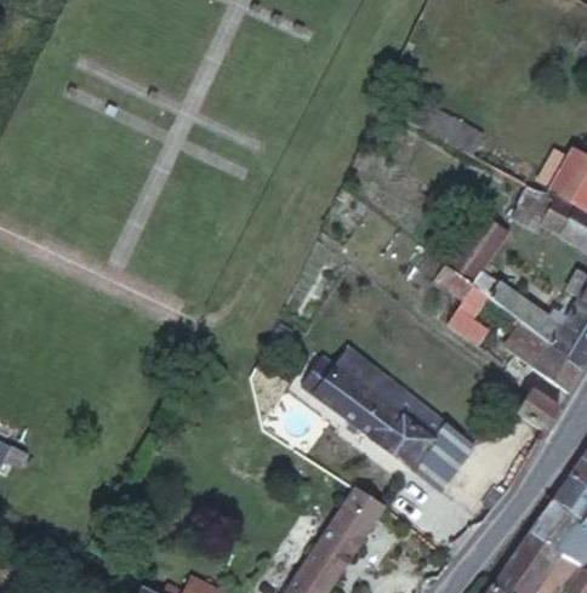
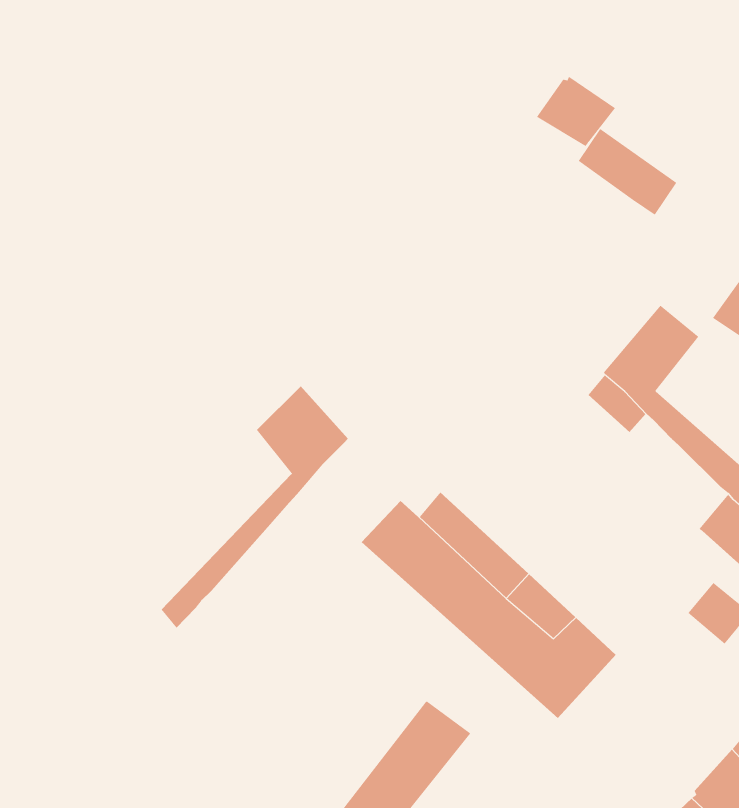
building: none -> [536,76,616,147]
building: [448,284,495,344] -> none
building: none -> [161,385,348,628]

